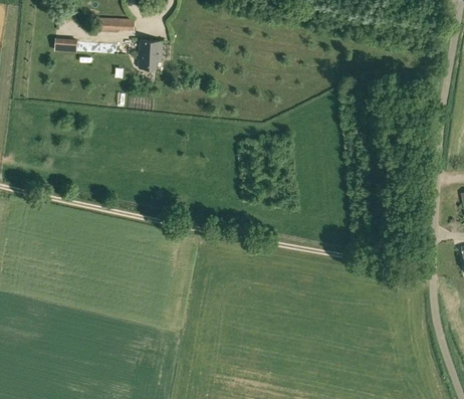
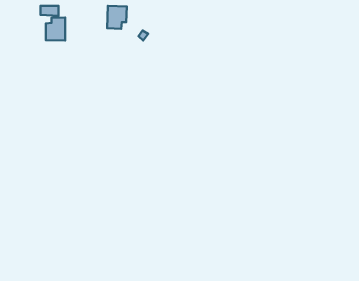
building: none -> [46,18,65,40]

